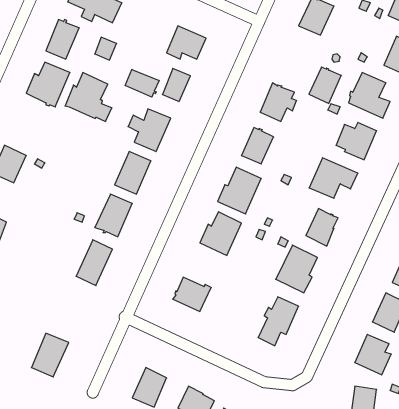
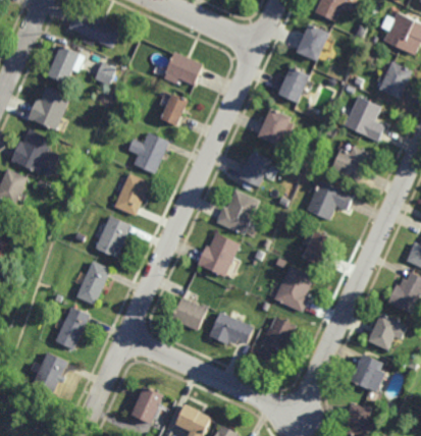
building: [309,67,341,103] -> [277,66,309,102]
building: [125,69,159,97] -> none
building: [65,73,112,121] -> [10,128,56,176]
building: none -> [56,307,90,350]
building: none -> [210,313,253,345]

